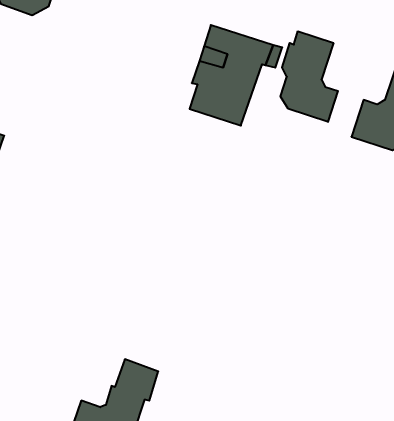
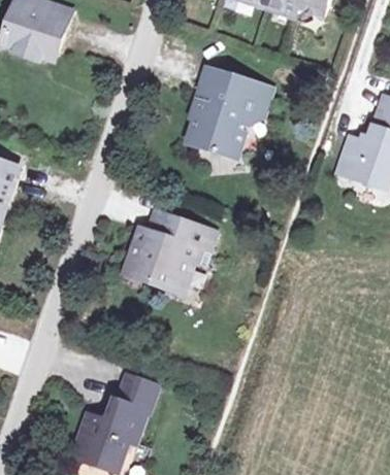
building: [281,31,338,122] -> none
building: none -> [125,213,216,294]

